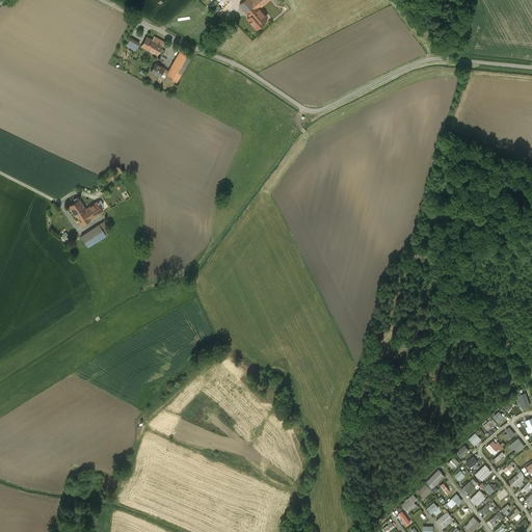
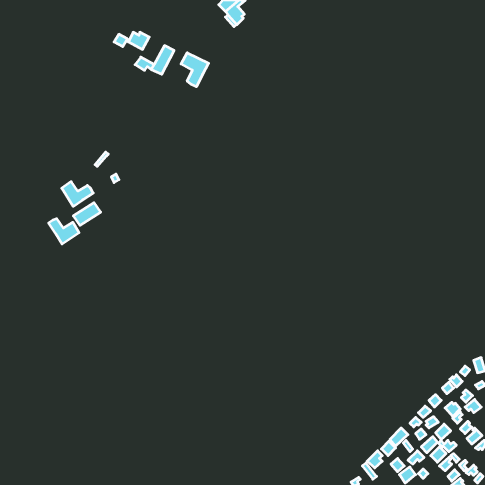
building: none -> [181,53,209,87]
building: none -> [49,219,79,244]

